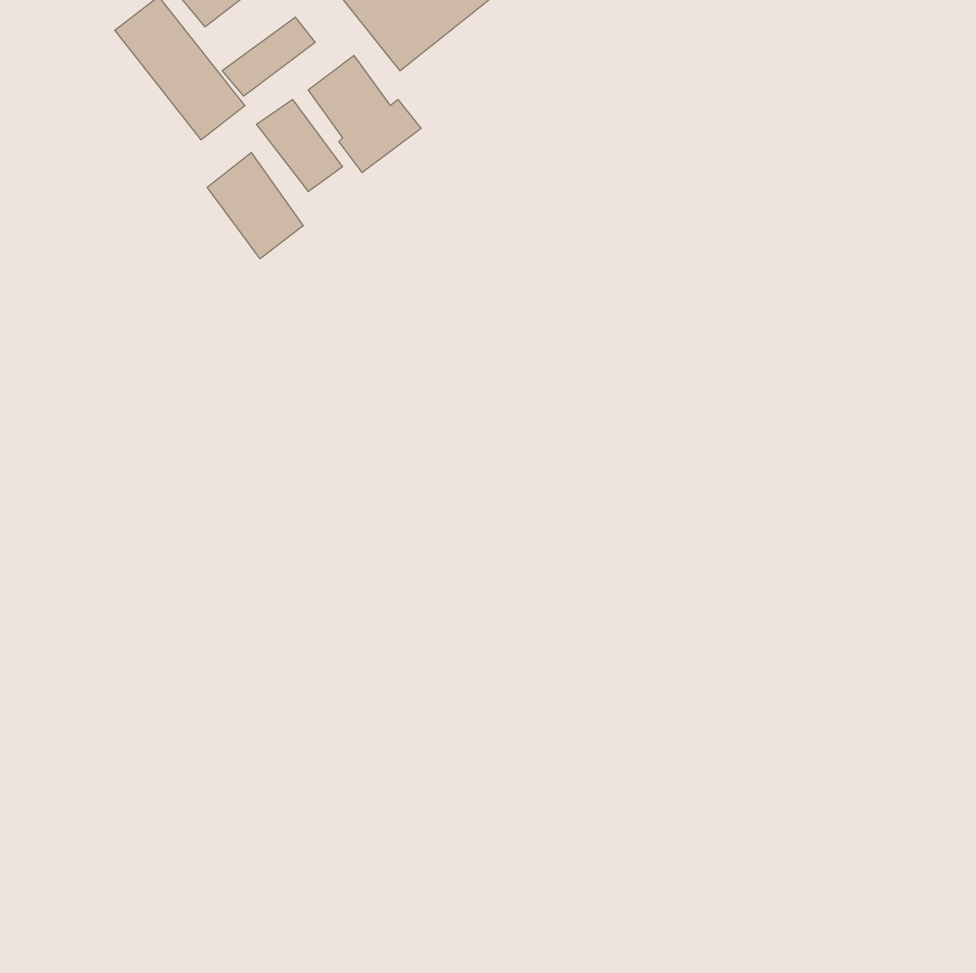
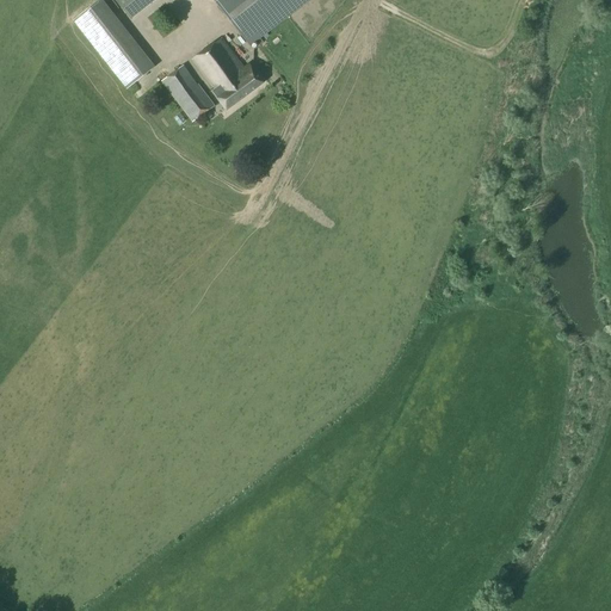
building: [222,17,315,96] -> none
building: [207,152,303,259] -> none

